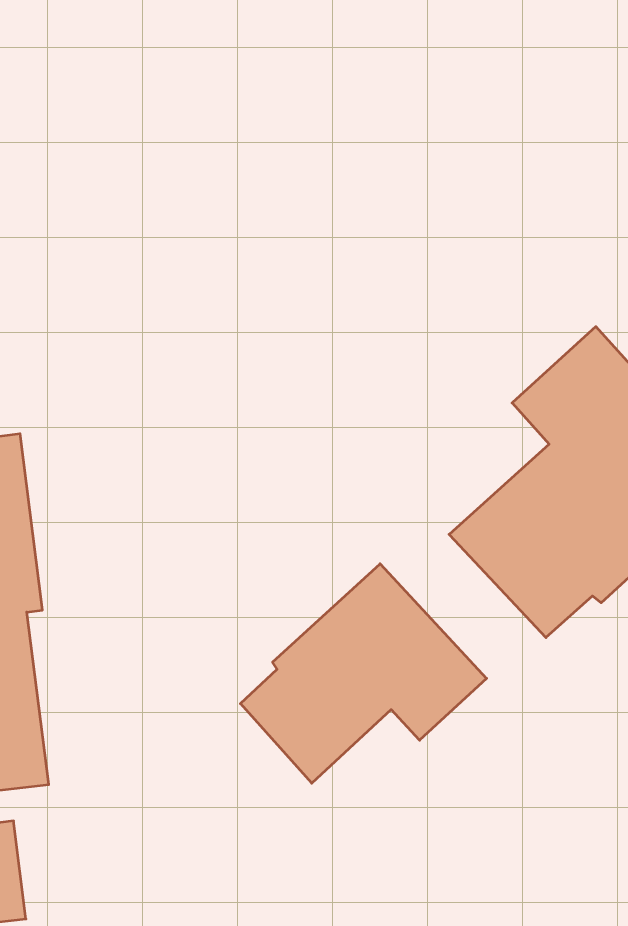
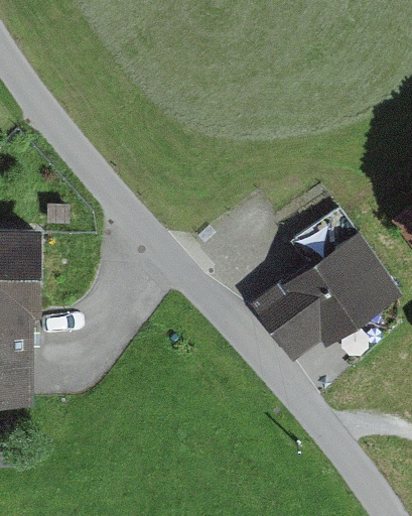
building: [240,564,487,783] -> none

